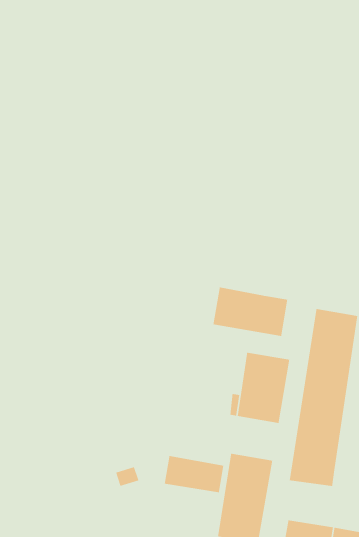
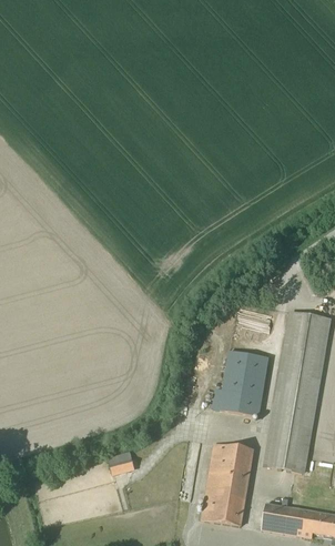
building: [212,286,288,337] -> none
building: [164,455,224,493] -> none

